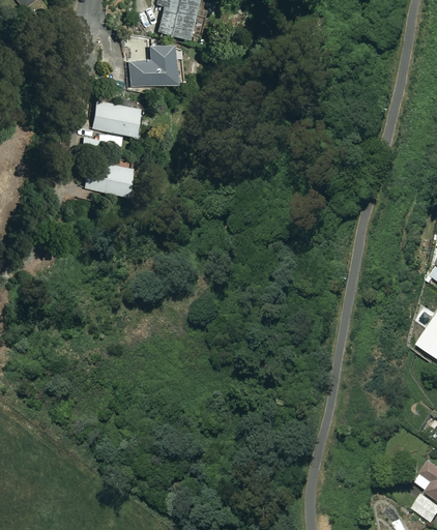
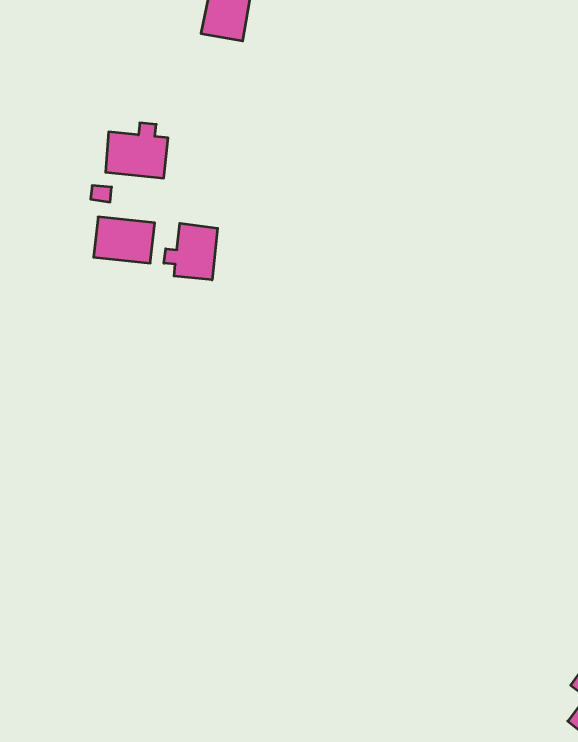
building: [128,45,178,88] -> none
building: none -> [164,223,218,280]

